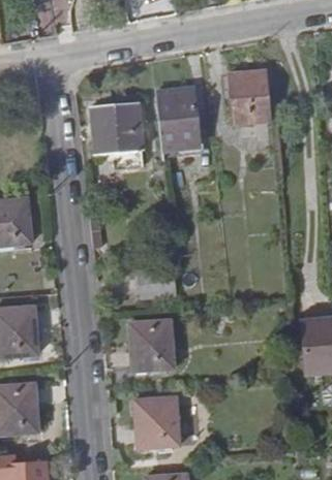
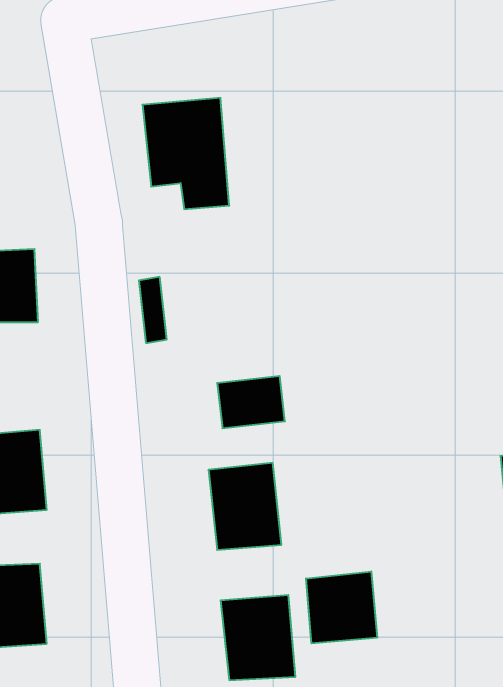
building: [227,70,268,125] -> none
building: [155,90,197,151] -> none
building: none -> [306,571,377,643]

